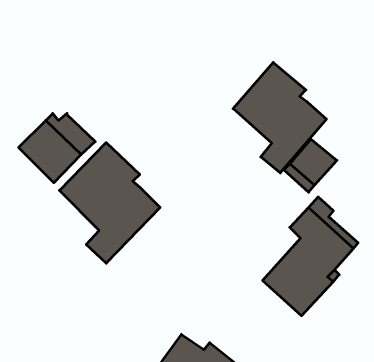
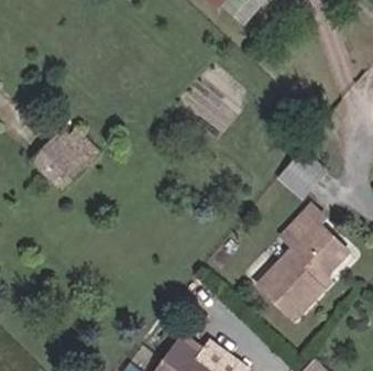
building: [233,62,326,173] -> none
building: [59,143,160,263] -> none

